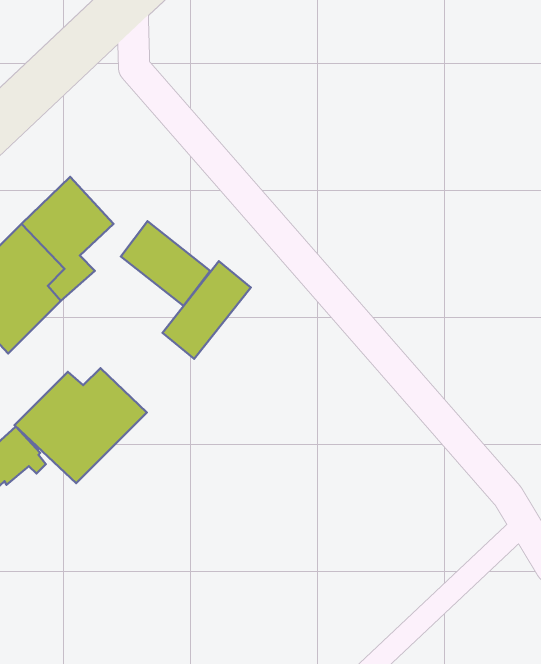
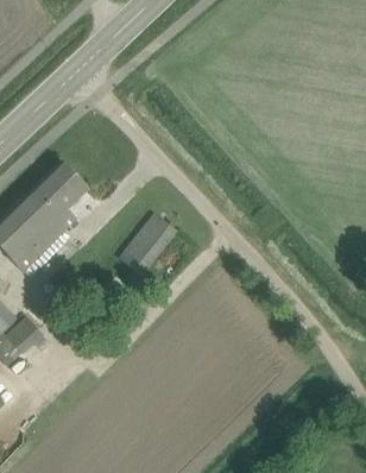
building: [121,221,210,306] -> none
building: [14,368,147,483] -> none

